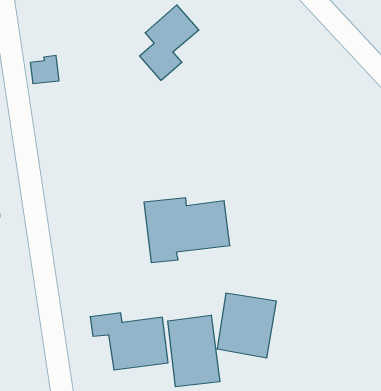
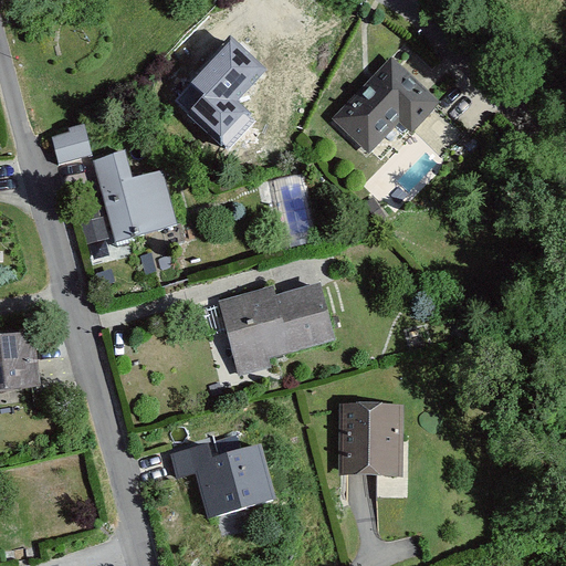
building: none -> [333,59,442,154]
building: none -> [92,154,179,242]
building: [168,315,220,387] -> none

